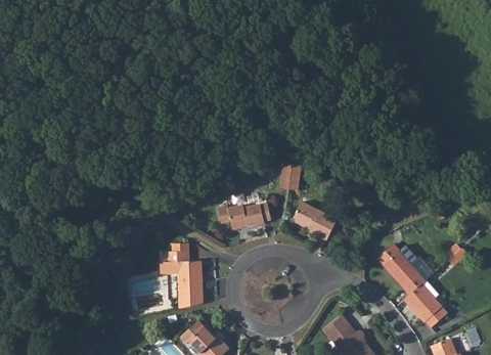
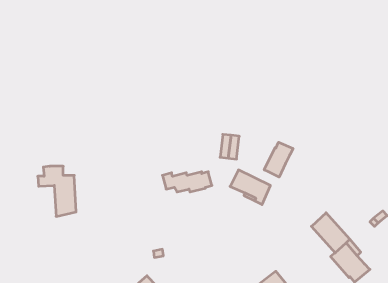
building: none -> [264,142,293,177]
building: [159,251,202,307] -> [38,166,76,216]

